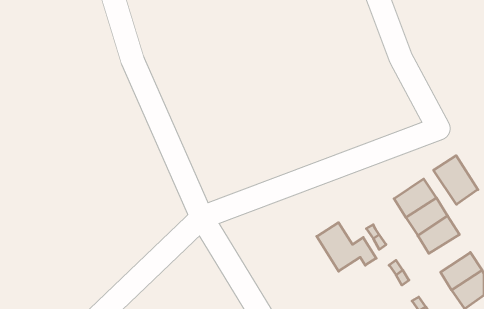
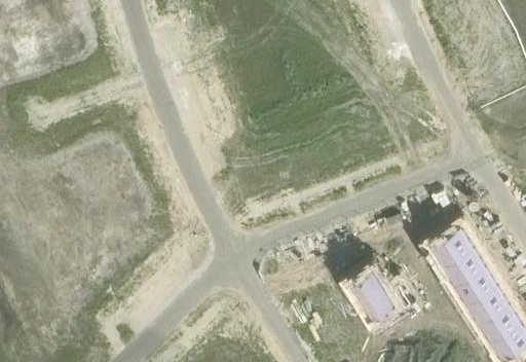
building: [434,156,478,204] -> none
building: none -> [460,278,503,317]

